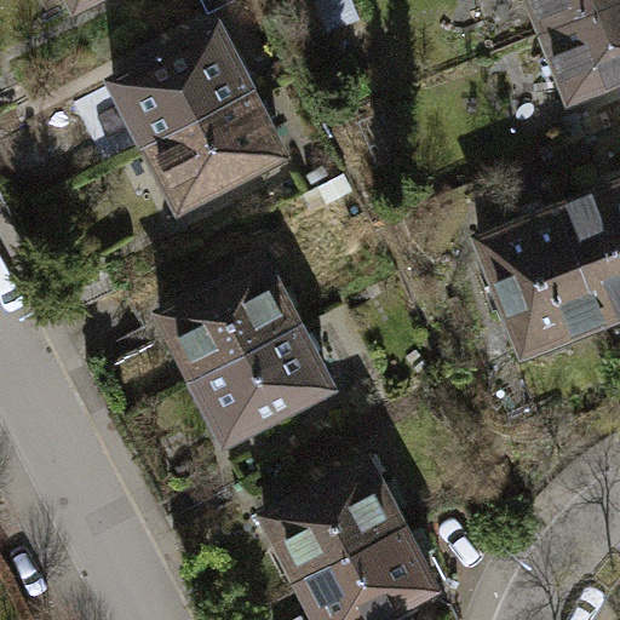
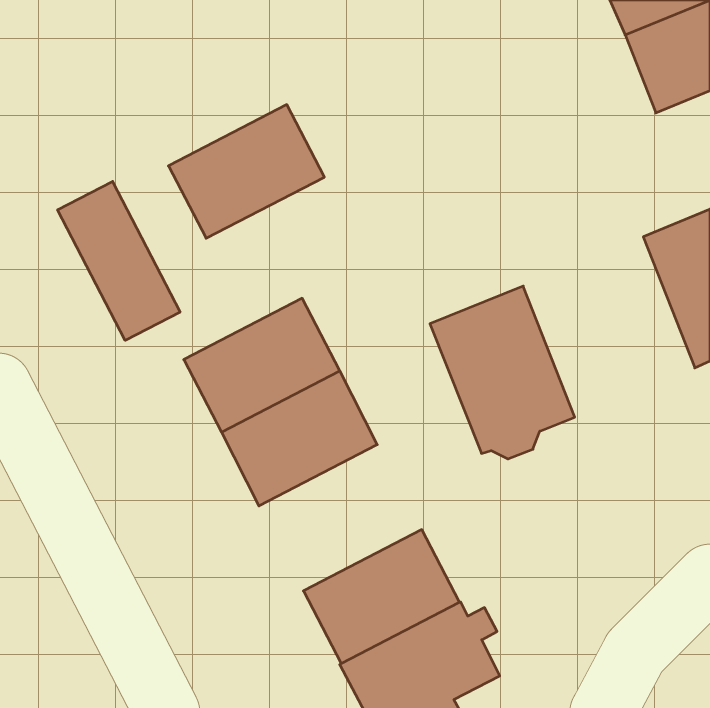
building: [114,33,249,148] -> none
building: none -> [58,181,180,340]
building: [478,209,604,360] -> [430,286,575,459]

